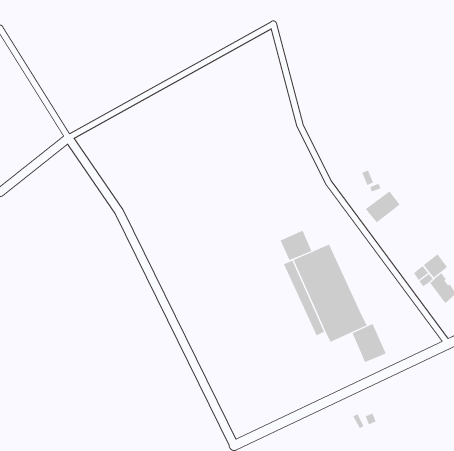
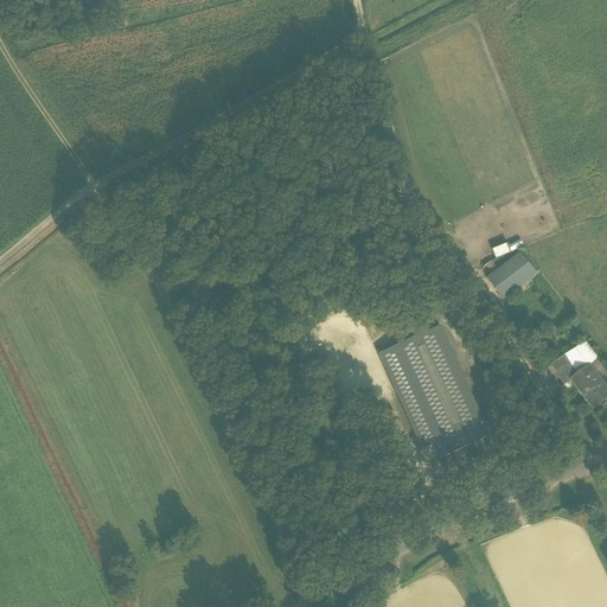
building: [280,230,312,261] -> none
building: [352,323,387,363] -> none

